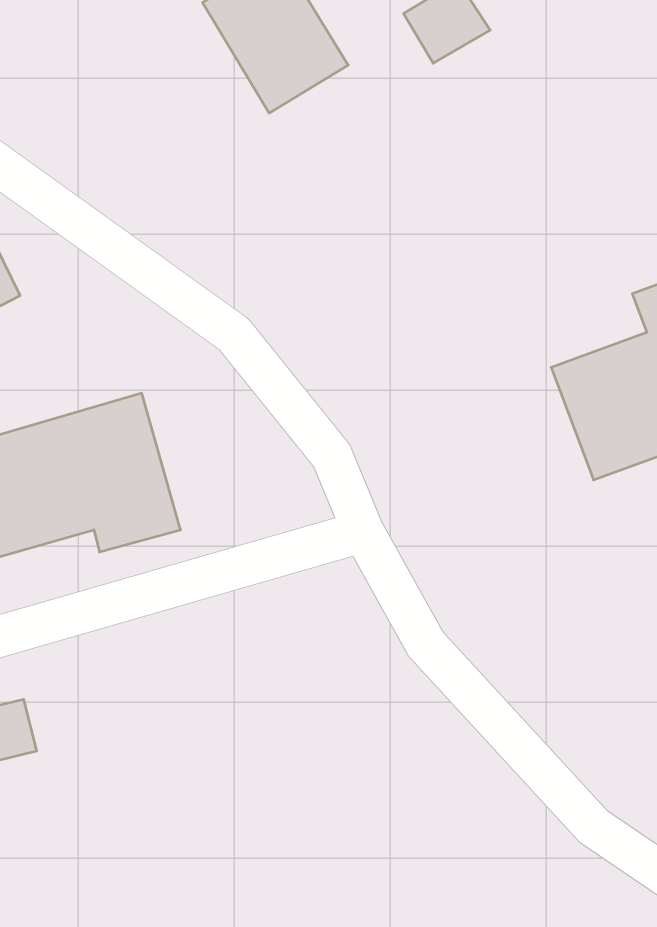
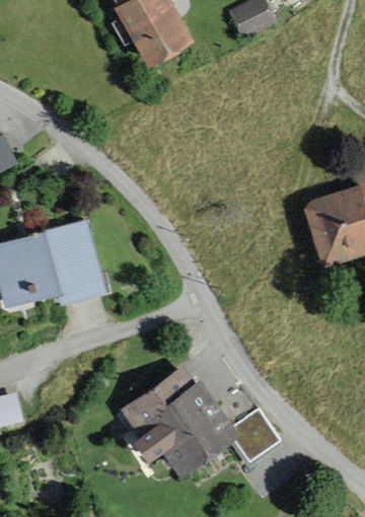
building: none -> [116,366,270,477]

